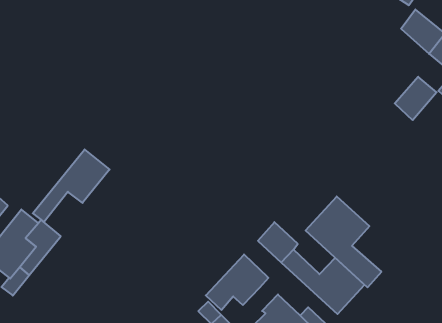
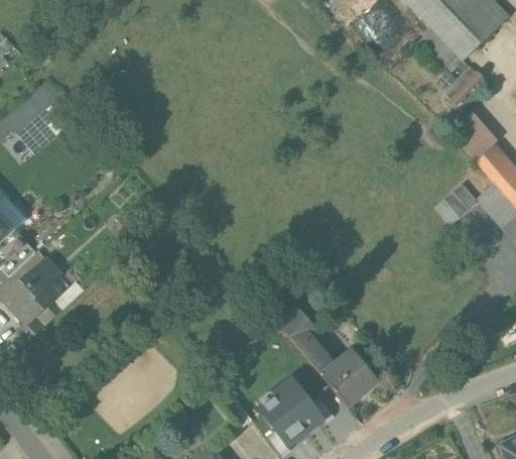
building: [33,149,110,222] -> none
building: [306,196,381,287] -> none
building: [206,254,268,310] -> none

